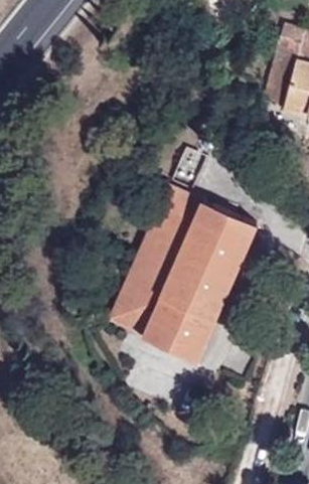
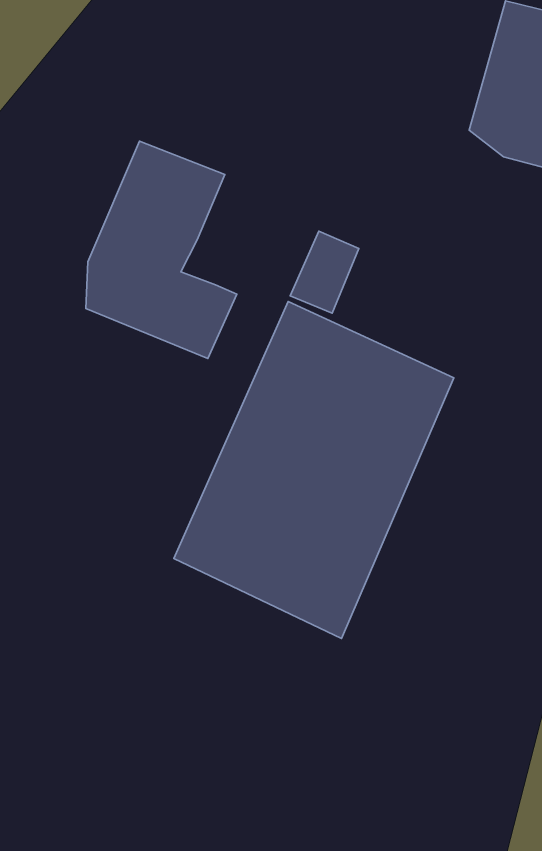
building: none -> [86,141,237,359]

